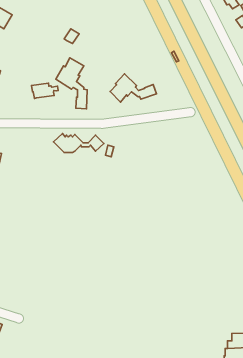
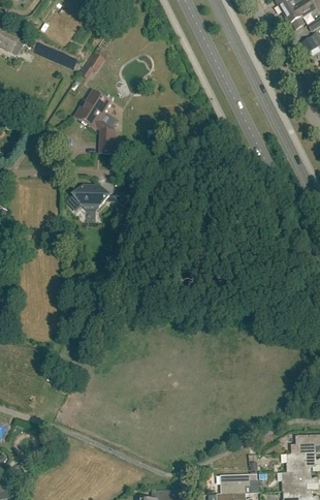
building: [110,74,156,102] -> none
building: [31,83,58,98] -> none

